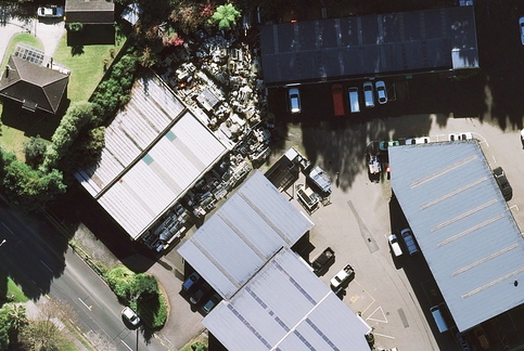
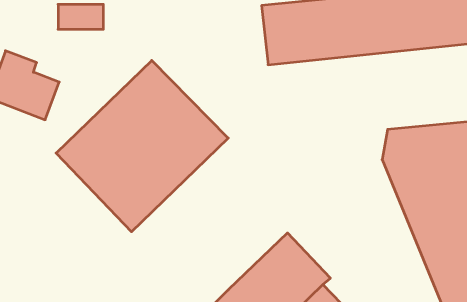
building: [178,165,317,302] -> none

